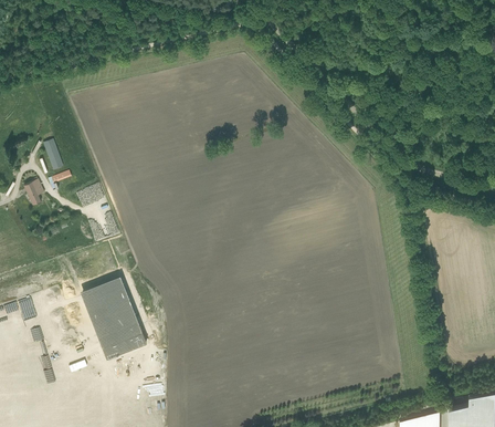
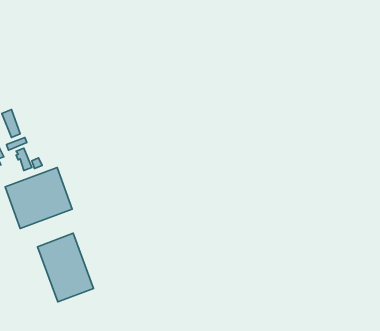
building: none -> [5,167,72,228]

